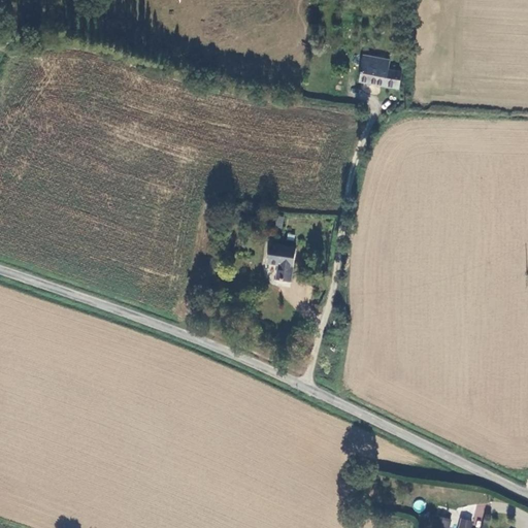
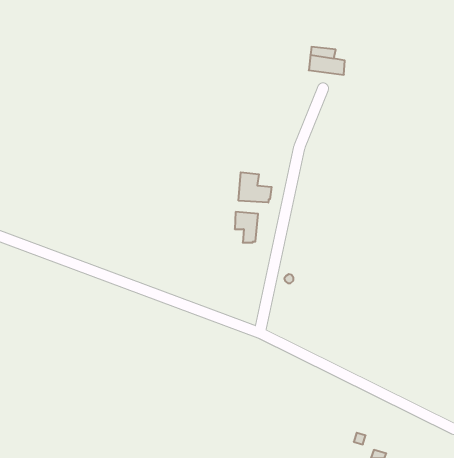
building: none -> [239,172,272,203]

